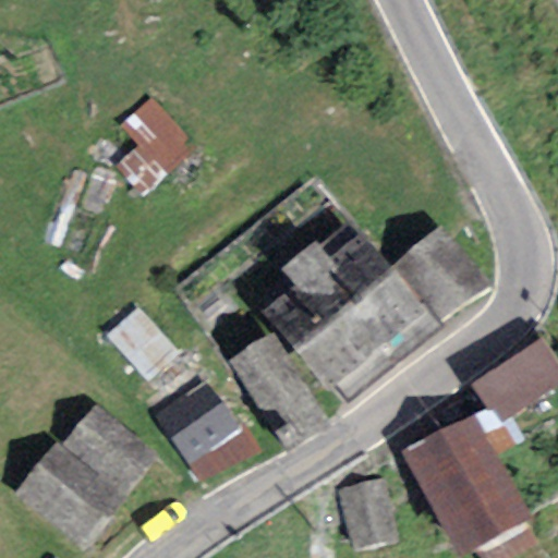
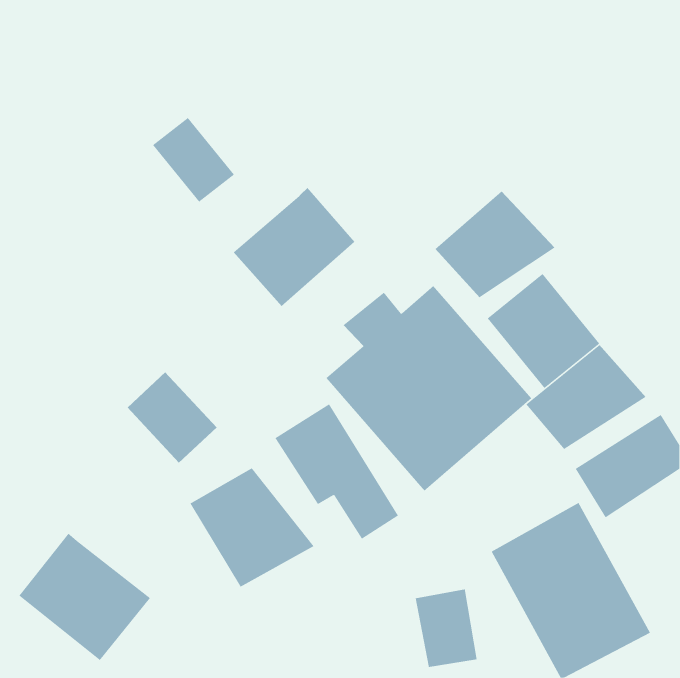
building: none -> [233,187,355,307]
building: none -> [435,191,555,298]
building: none -> [525,344,646,450]
building: [63,402,156,489] -> none

